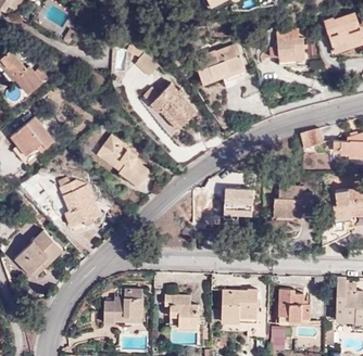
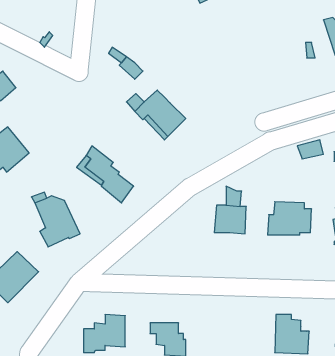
building: [268,29,305,65] -> none
building: [193,45,247,84] -> none
building: [220,289,256,318] -> none

